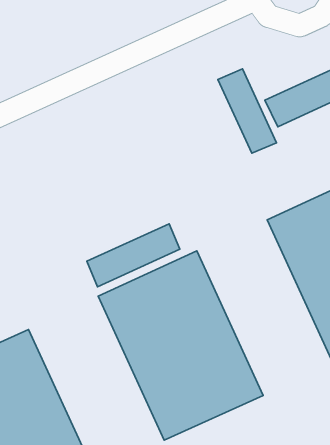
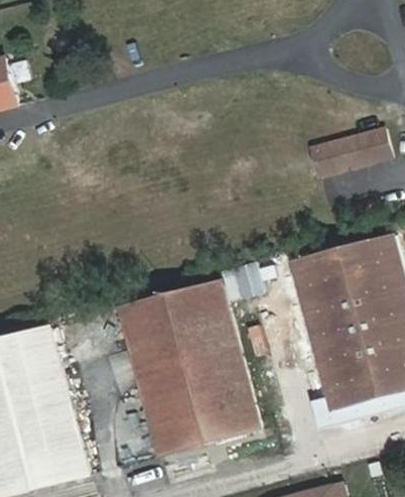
building: [218,69,276,153] -> none
building: [87,224,180,287] -> none

